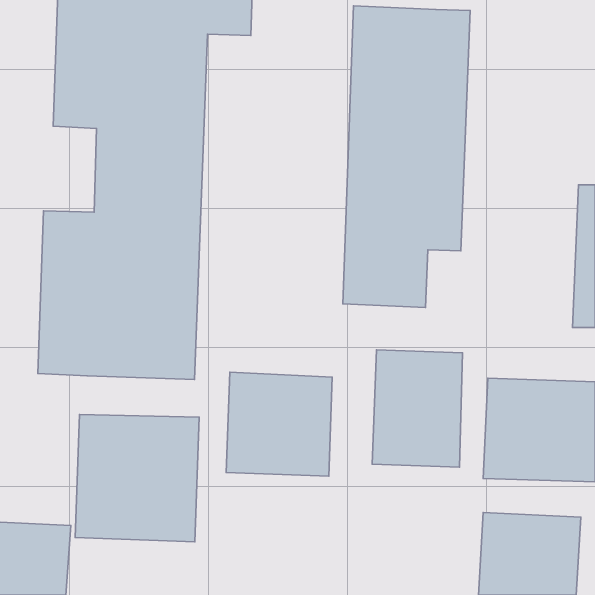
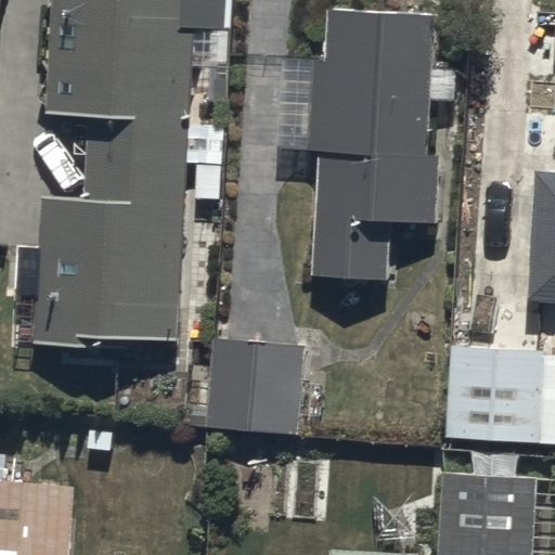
building: [372,350,462,467] -> none
building: [75,414,199,542] -> none

